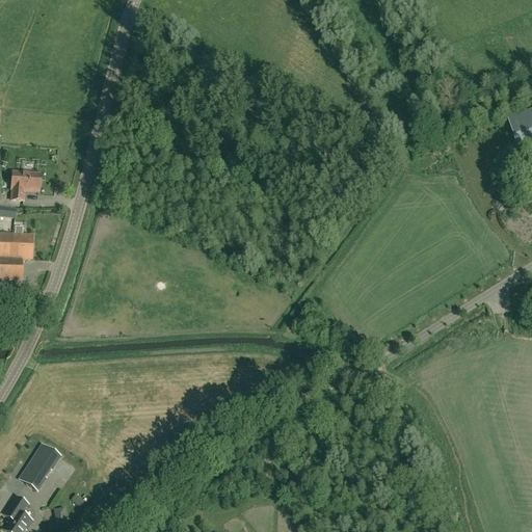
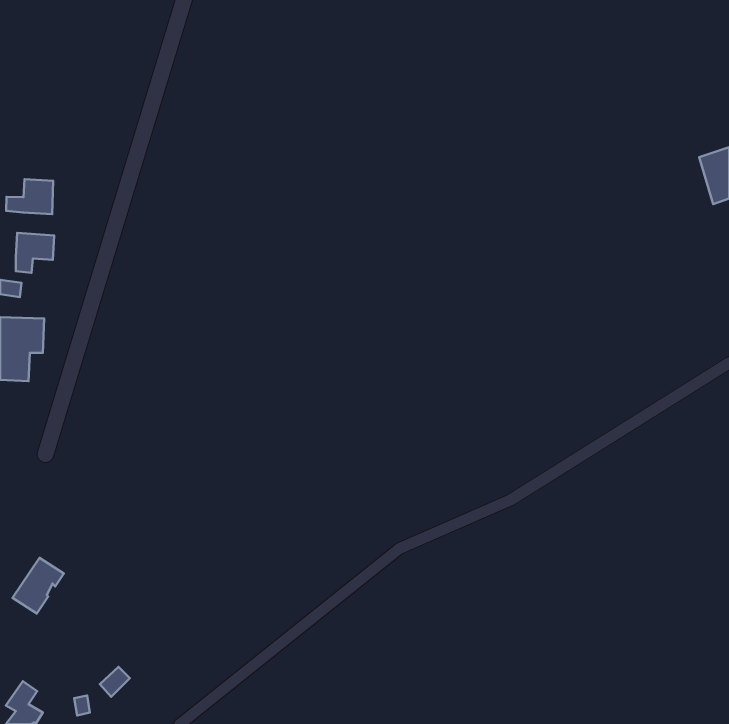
building: none -> [6,179,53,214]
building: [19,448,56,488] -> [13,558,64,614]

